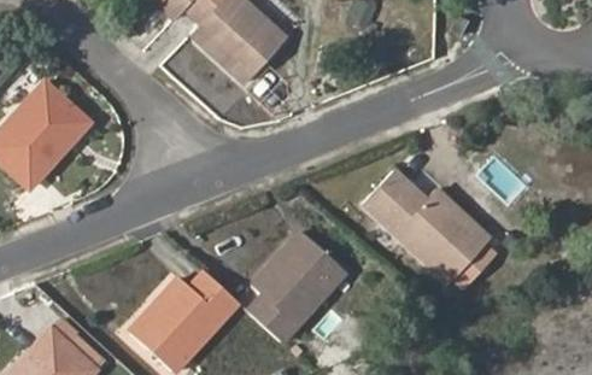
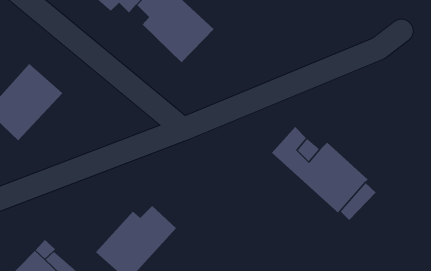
building: [247,232,346,342] -> none

